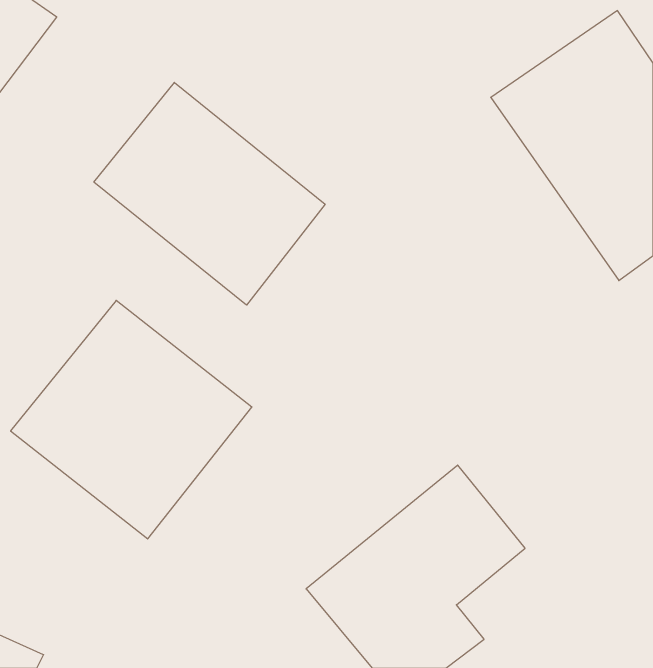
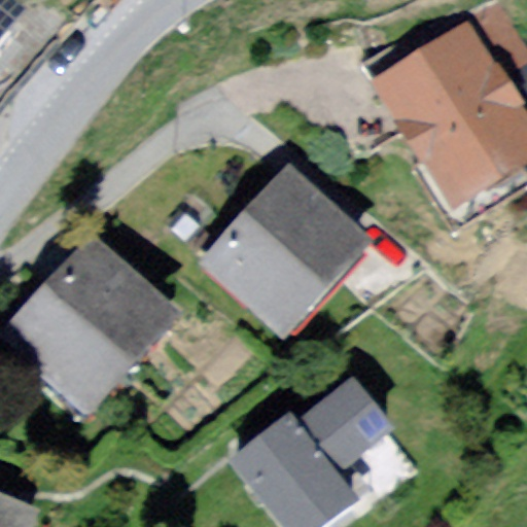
building: [94,82,325,305] -> none
building: none -> [205,161,388,344]

